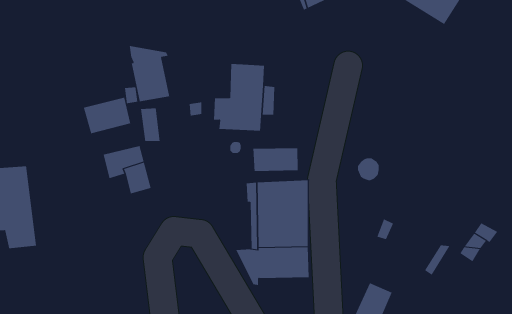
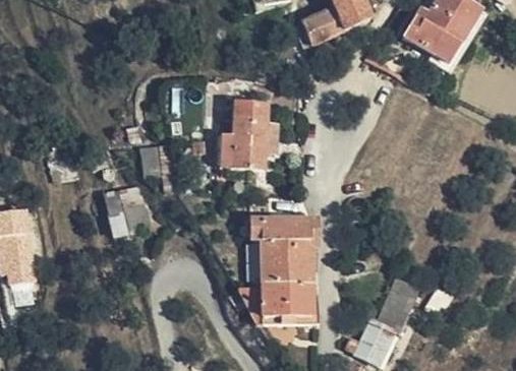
building: [129,45,170,102] -> none
building: [83,97,131,134] -> none
building: [253,147,298,172] -> none
building: none -> [372,279,417,329]

